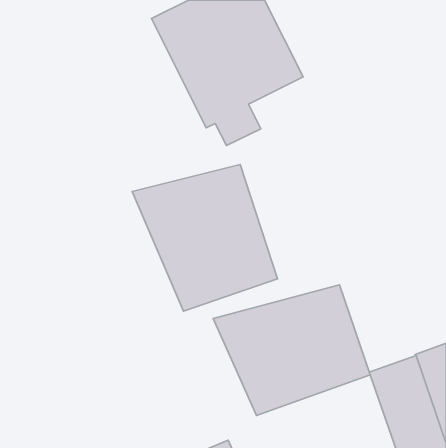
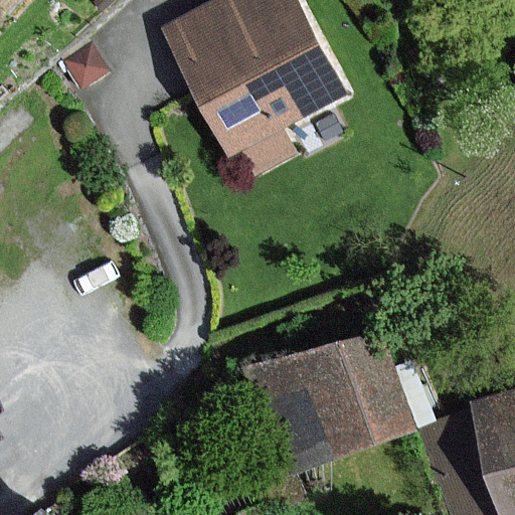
building: [132,165,278,311] -> none

